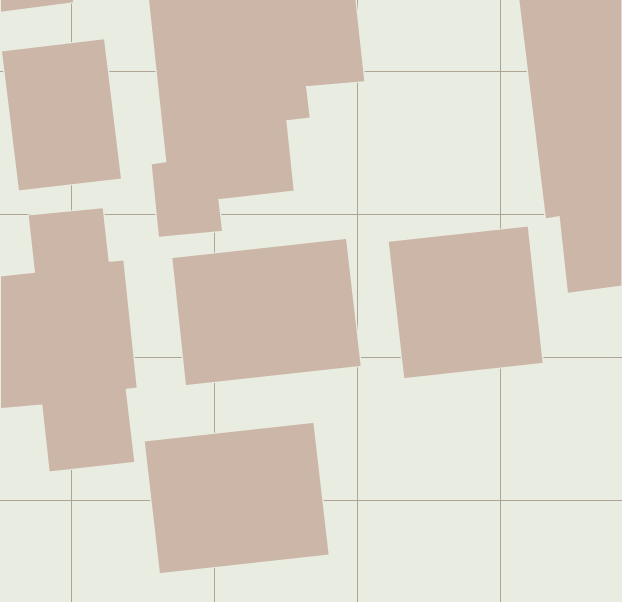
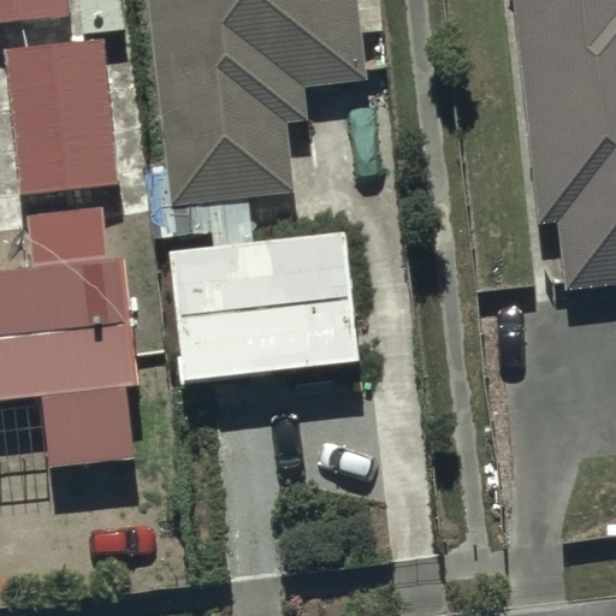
building: [388,226,543,379] -> none
building: [144,422,329,574] -> none

